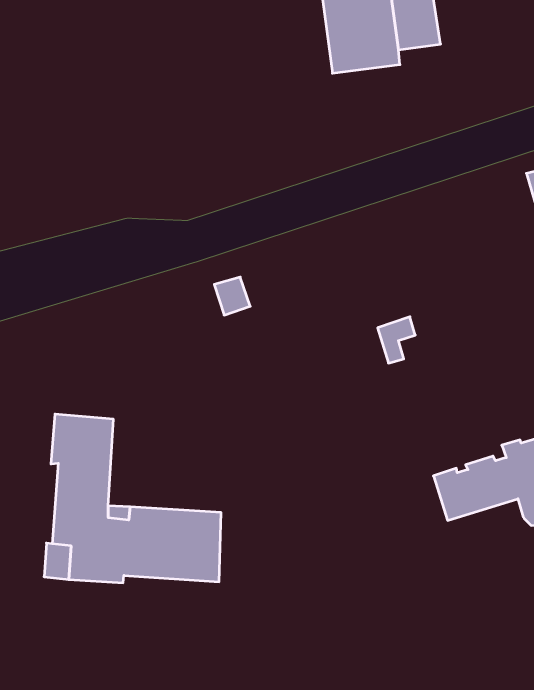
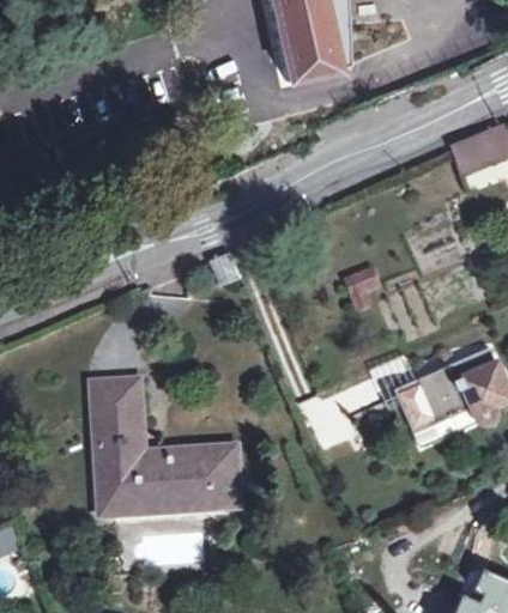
building: none -> [400,400,478,448]

